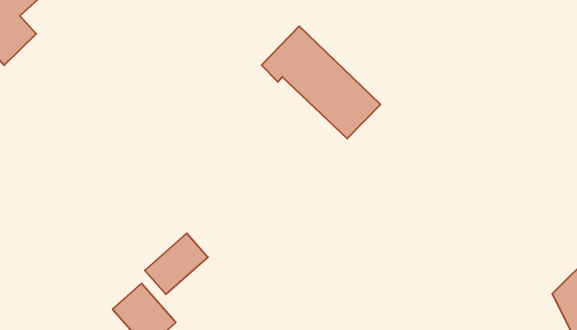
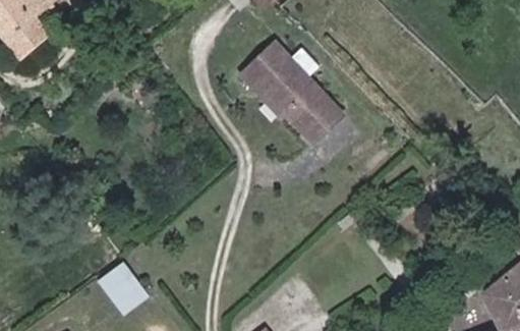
building: [145,233,208,294] -> none

